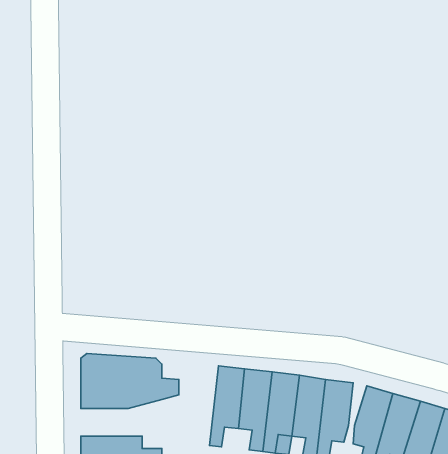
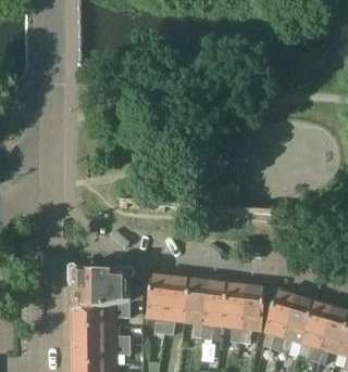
building: none -> [148,275,171,334]
building: none -> [73,302,130,328]

